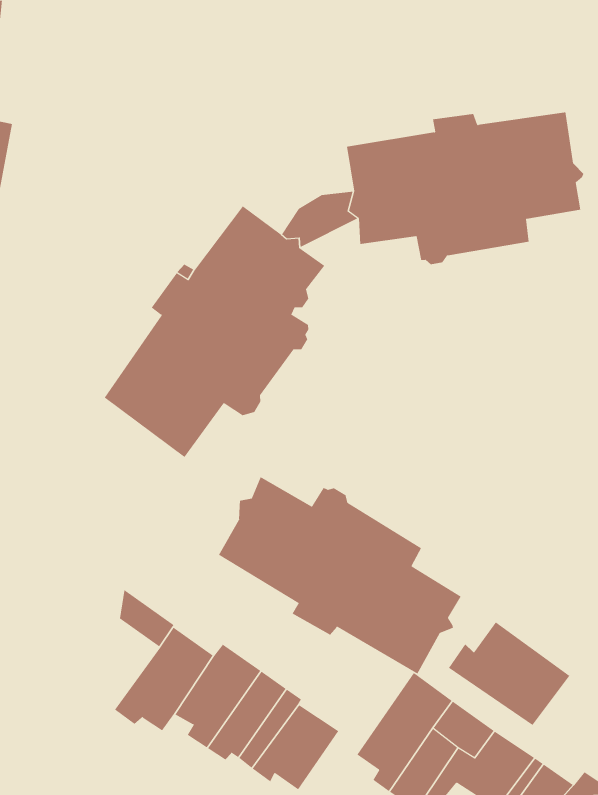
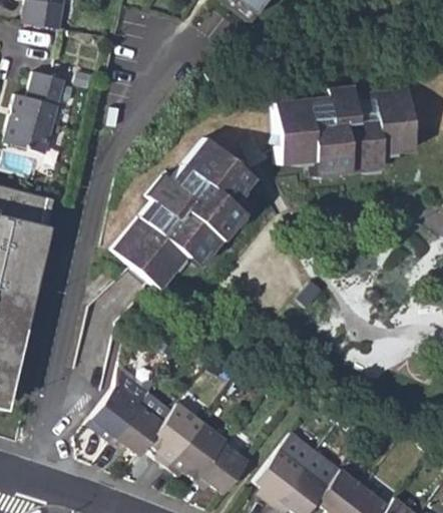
building: [218,476,461,674] -> none
building: none -> [90,387,139,443]
building: [448,621,570,726] -> none

